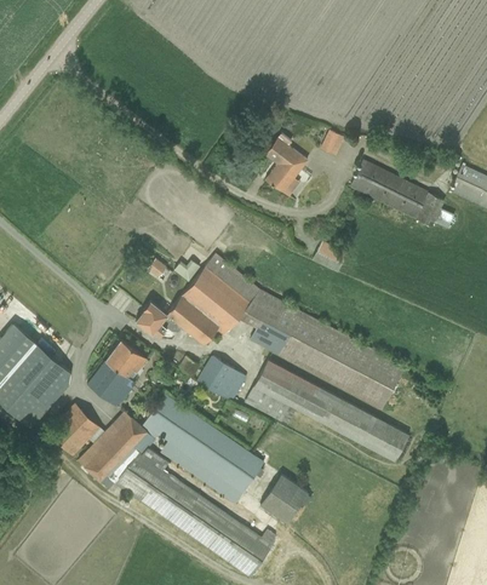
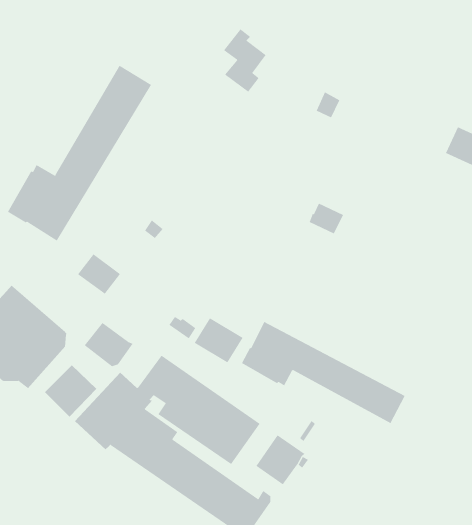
building: none -> [7,65,152,242]
building: [264,132,308,196] -> [223,29,267,93]
building: [350,159,454,228] -> none
building: [134,252,405,409] -> none
building: [104,338,148,379] -> [77,254,121,295]

